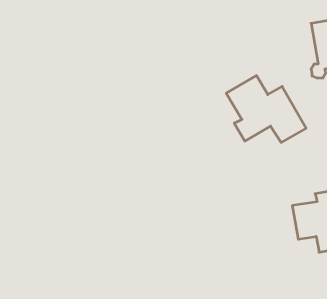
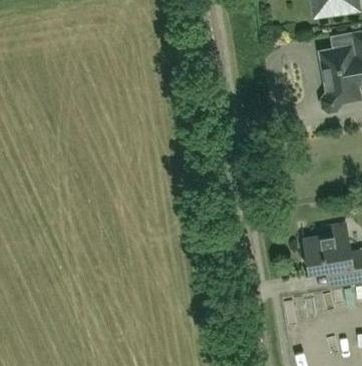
building: [226,76,306,142] -> none

